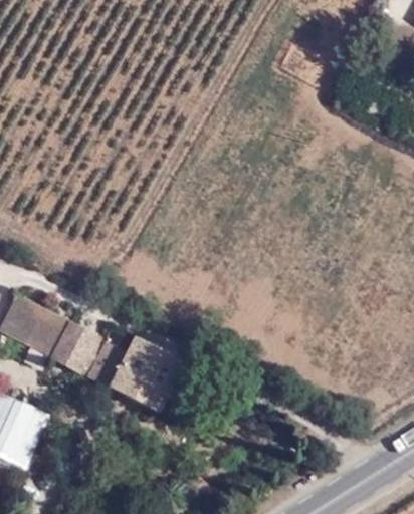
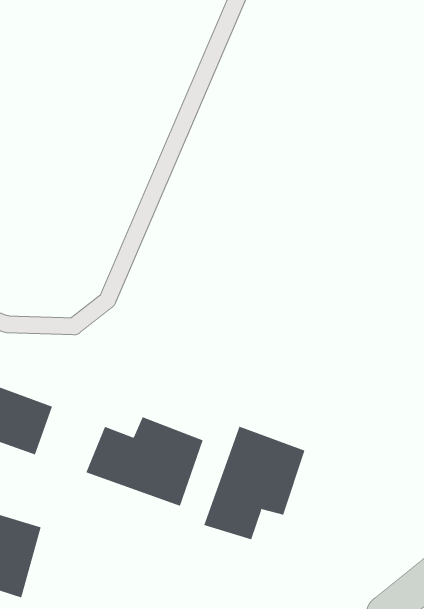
building: [50,320,98,369] -> none
building: none -> [204,426,305,540]

